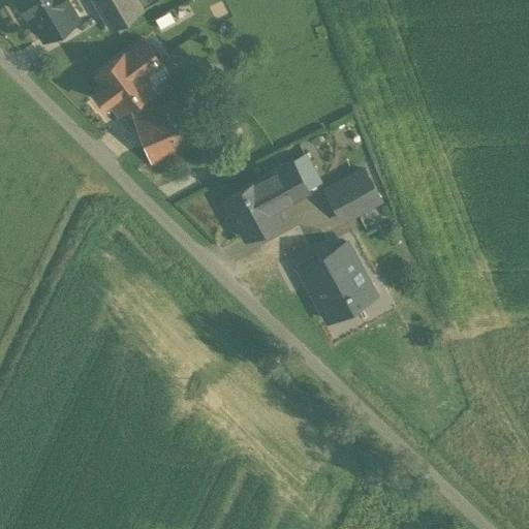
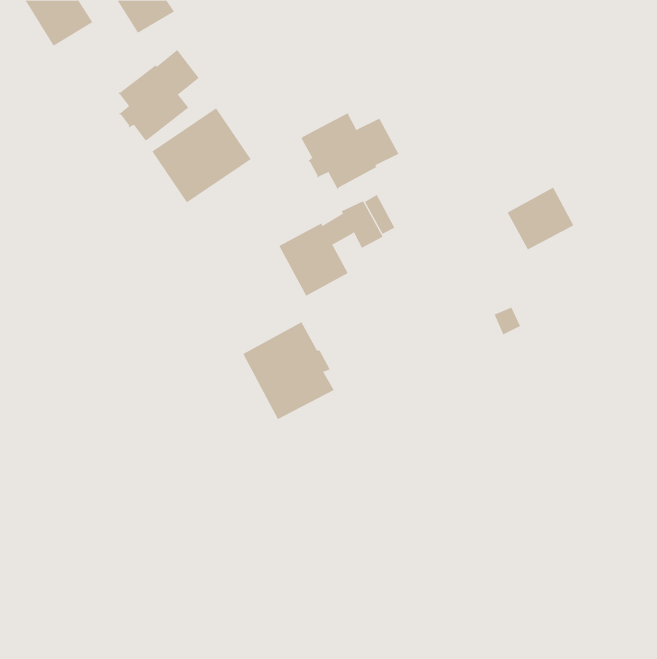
building: none -> [301,112,399,190]
building: [329,170,382,221] -> [507,187,574,250]
building: [302,243,375,321] -> [242,322,334,420]

